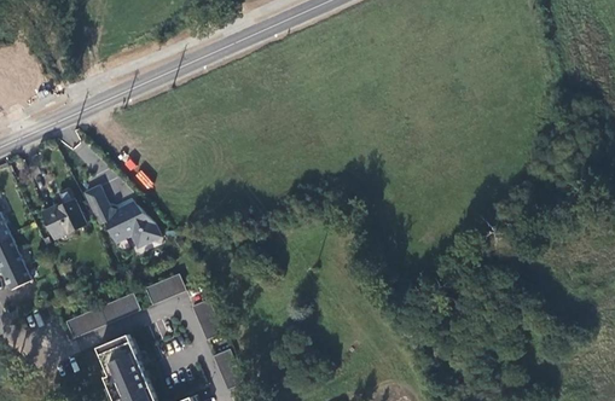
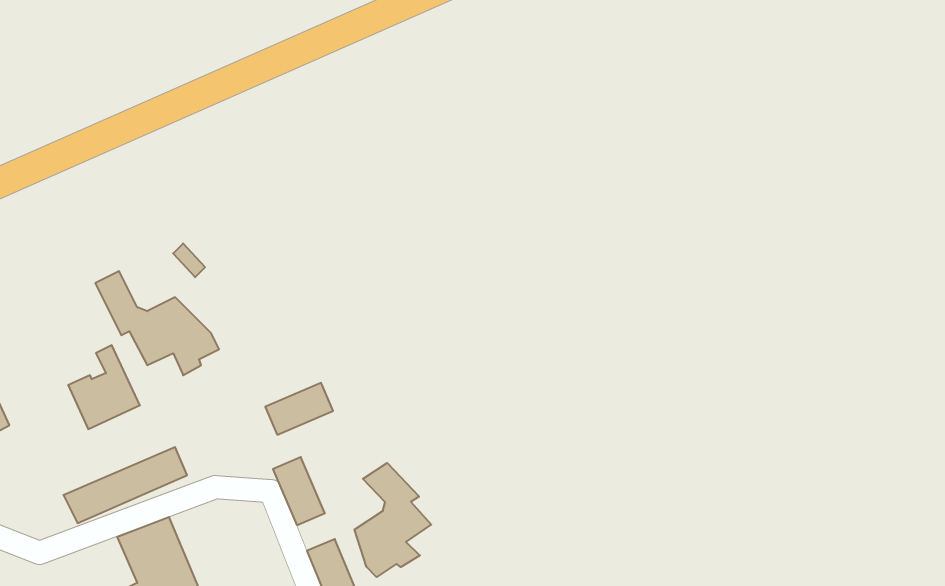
building: [42,188,86,239] -> [68,345,140,429]
building: [144,273,185,304] -> [265,383,333,435]
building: none -> [355,463,431,577]

